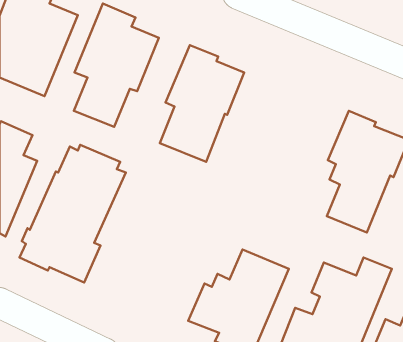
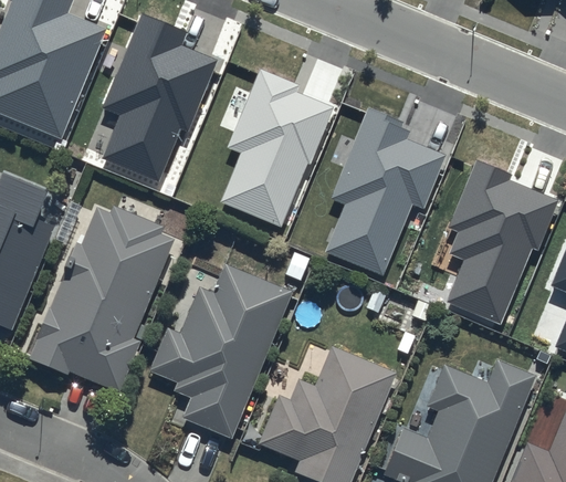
building: none -> [326,107,446,274]
building: none -> [148,263,291,440]

